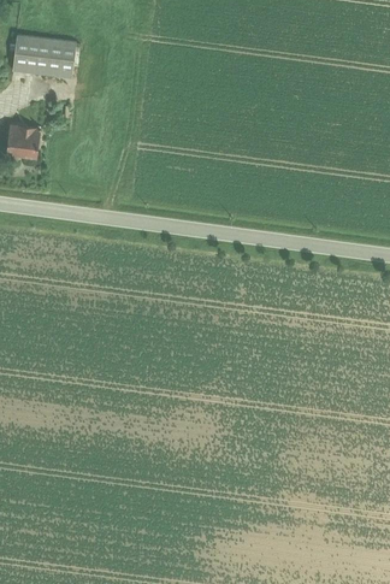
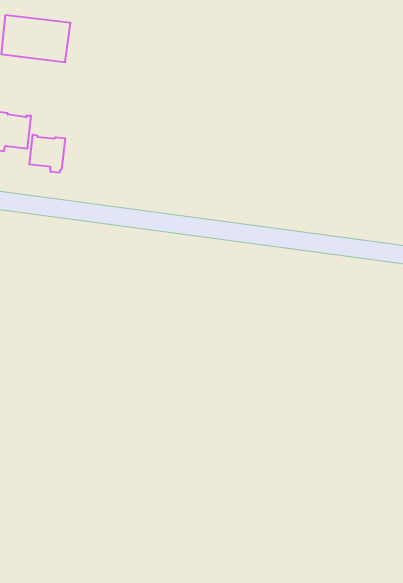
building: none -> [29,135,65,173]

